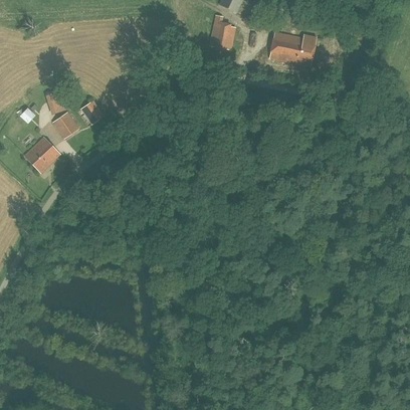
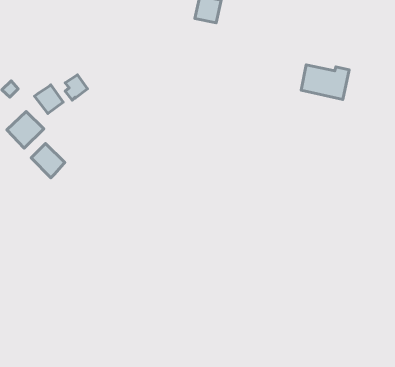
building: [269,32,317,66] -> [301,65,349,99]
building: none -> [31,144,65,178]

